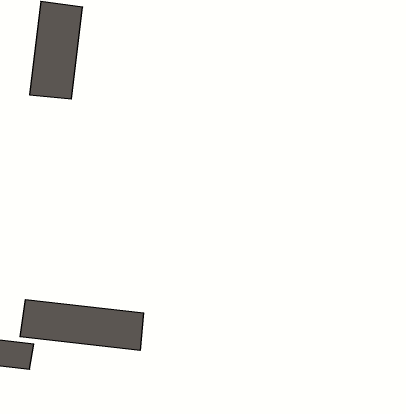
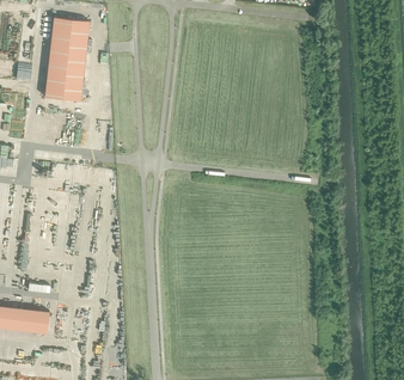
building: [20,300,144,350] -> none

